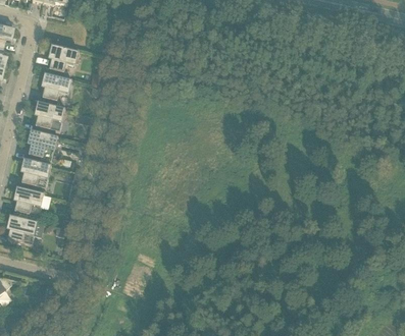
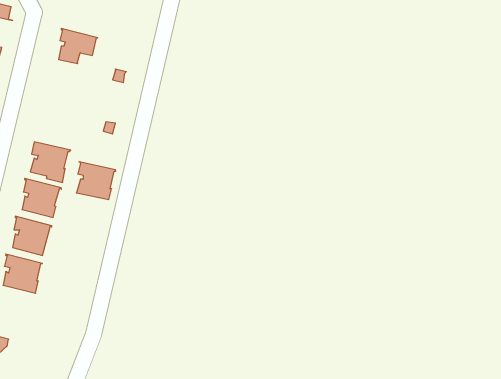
building: [42,72,71,99] -> none
building: [35,101,64,129] -> [76,162,116,200]

